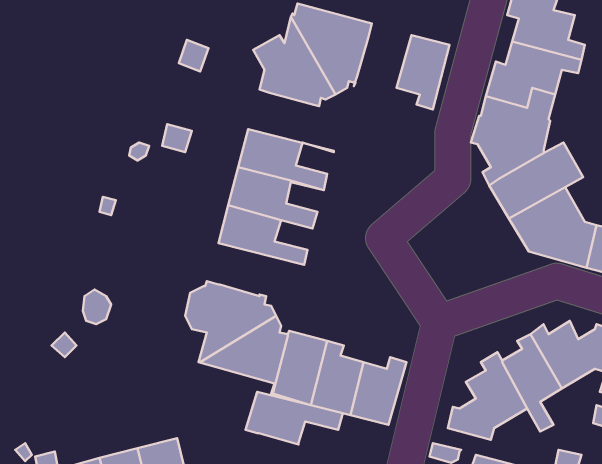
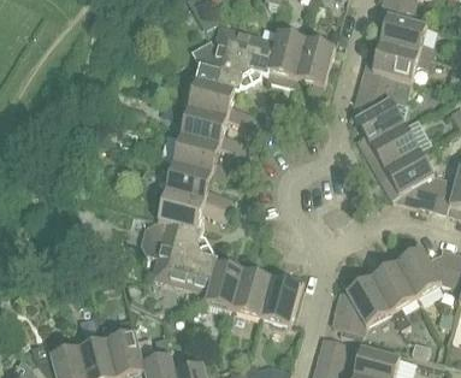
building: none -> [264,30,306,84]
building: none -> [187,78,253,123]
building: [246,392,343,445] -> [156,190,227,229]

